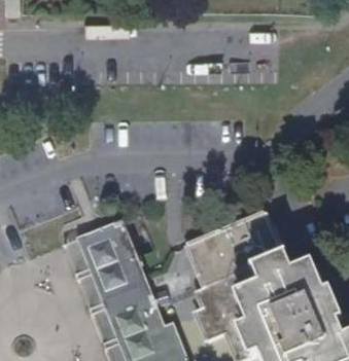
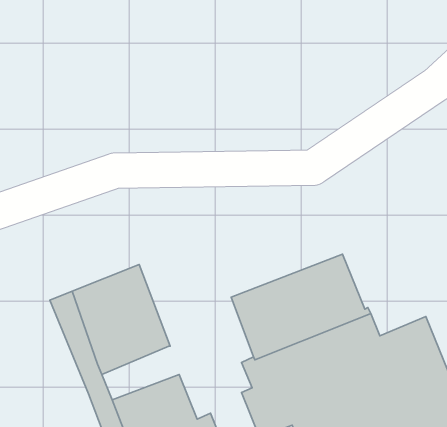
building: [98,274,151,311] -> none

